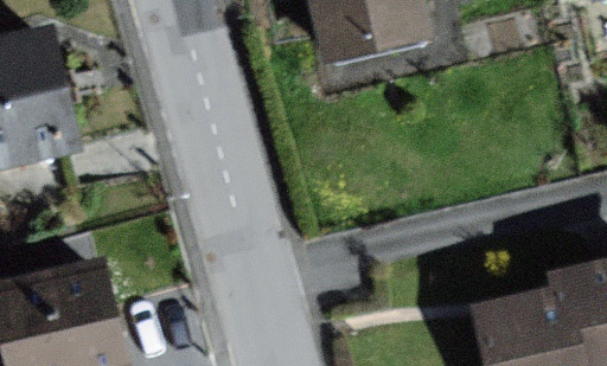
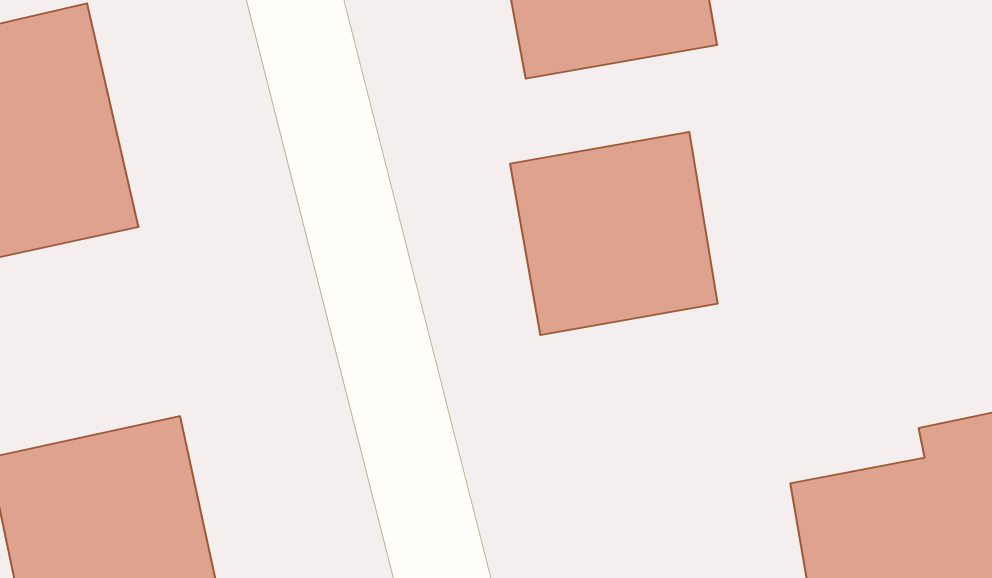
building: none -> [510,132,718,335]

